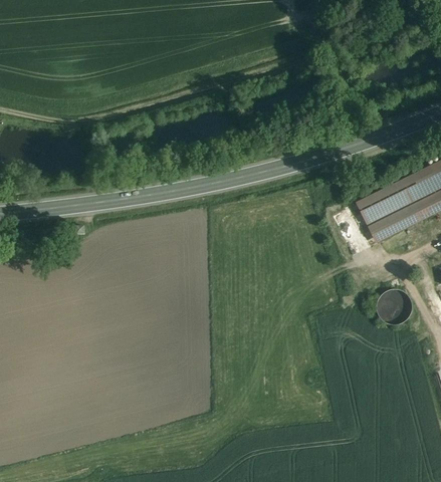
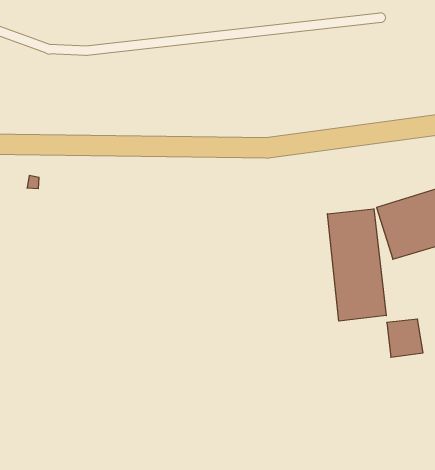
building: none -> [327,209,386,321]

